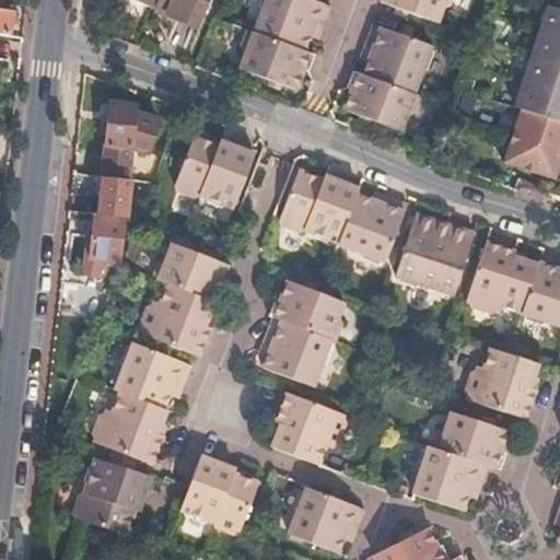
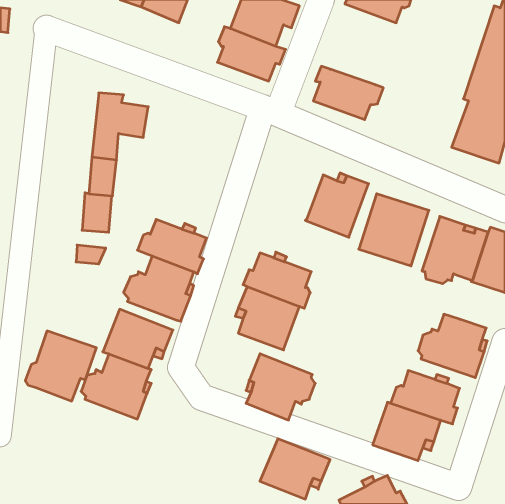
building: [365,26,433,94] -> none
building: [175,135,255,206] -> none
building: [279,170,360,243] -> none
building: [74,455,153,533] -> [25,331,96,401]
building: [180,455,258,535] -> none

